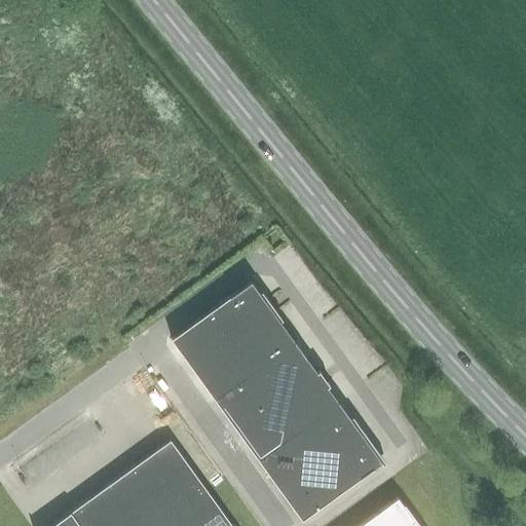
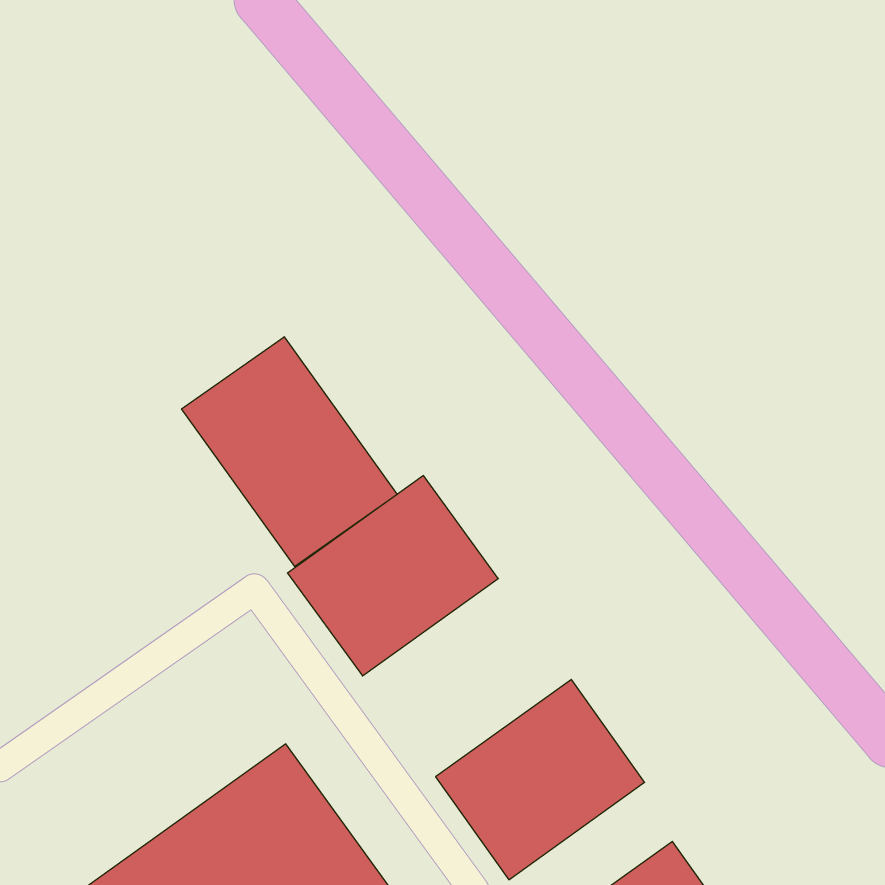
building: none -> [182,337,397,567]
building: [217,344,340,461] -> none

